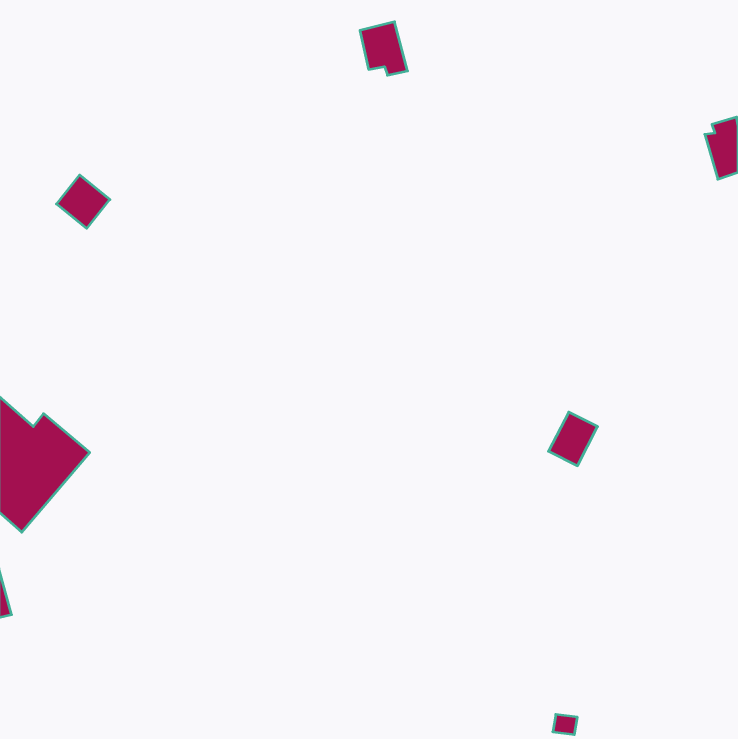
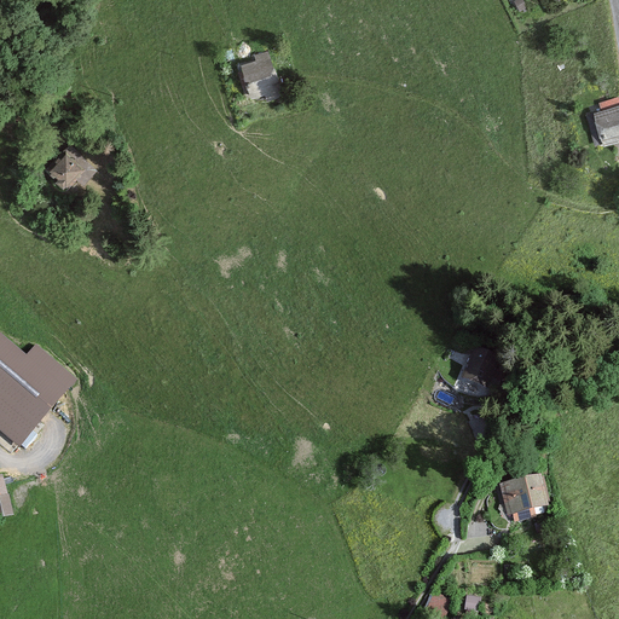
building: [360,22,408,75] -> [242,57,282,102]
building: none -> [499,475,548,514]

